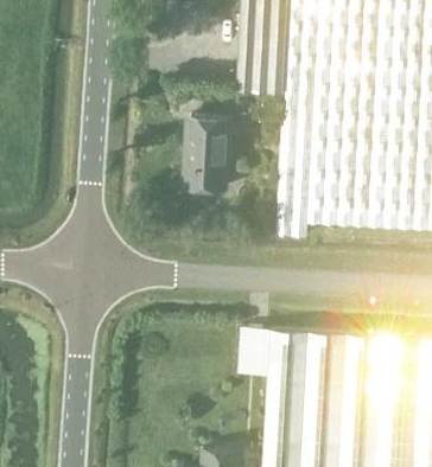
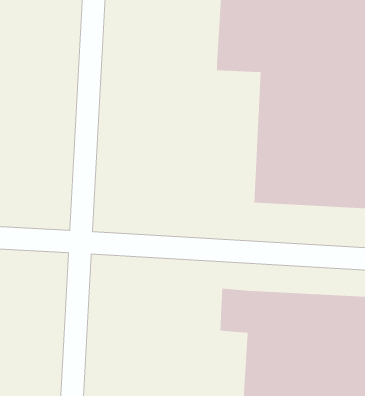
building: [186,117,234,191] -> none

